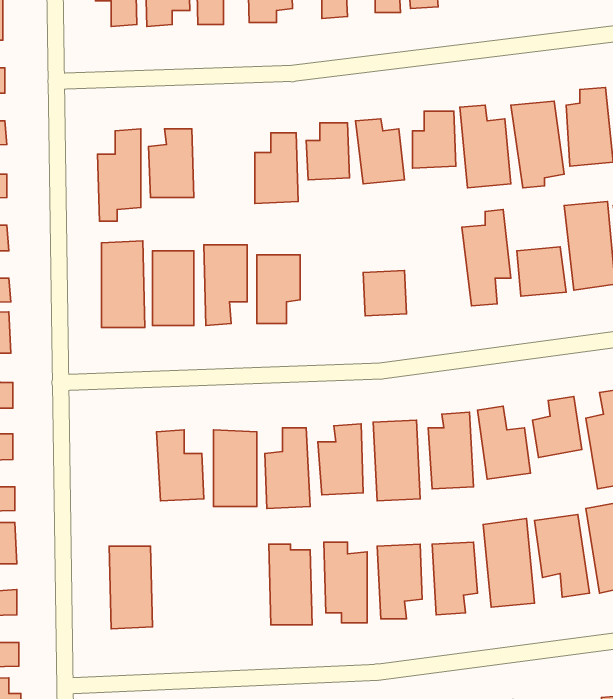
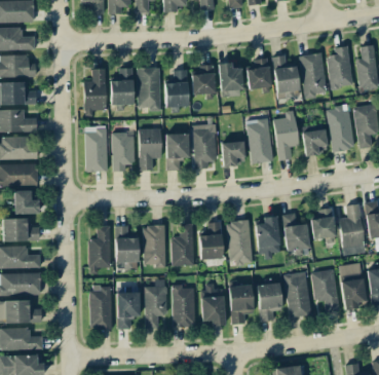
building: none -> [138,68,160,110]
building: none -> [247,118,272,163]
building: none -> [193,124,217,168]
building: none -> [88,226,110,273]
building: none -> [145,279,167,328]
building: none -> [117,292,141,329]

